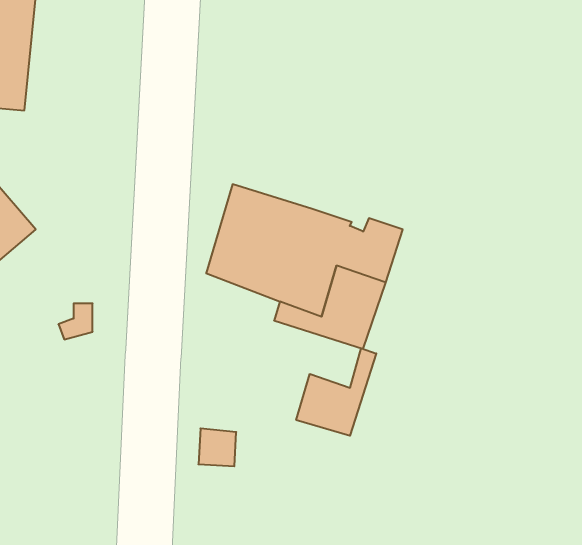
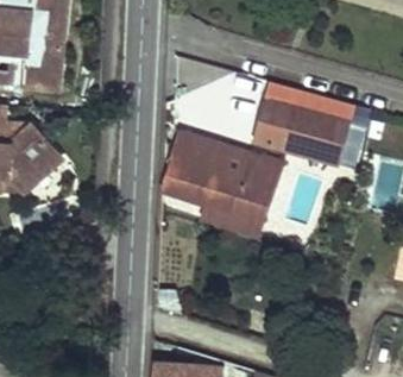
building: none -> [252,96,348,163]
building: [296,348,376,436] -> none

